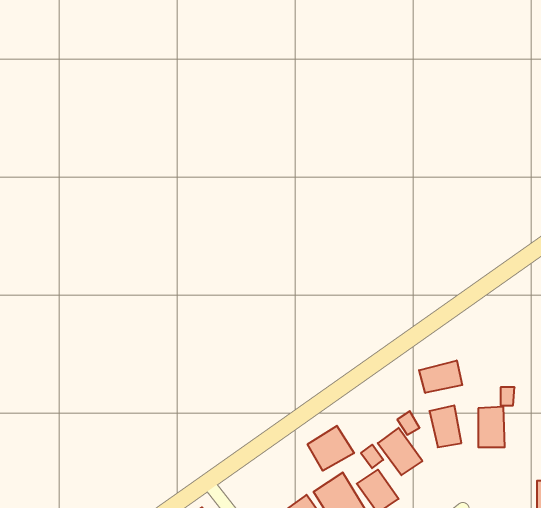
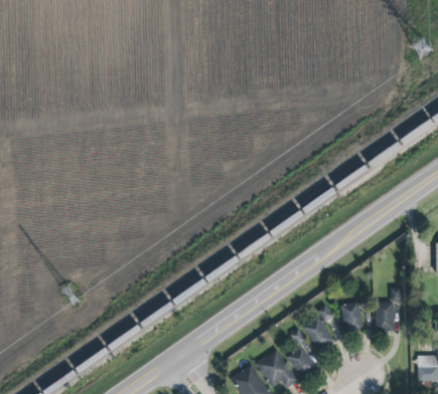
building: [419,360,462,393] -> none
building: [308,426,354,471] -> none

